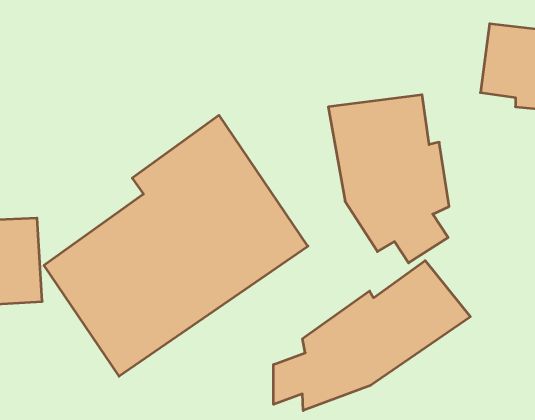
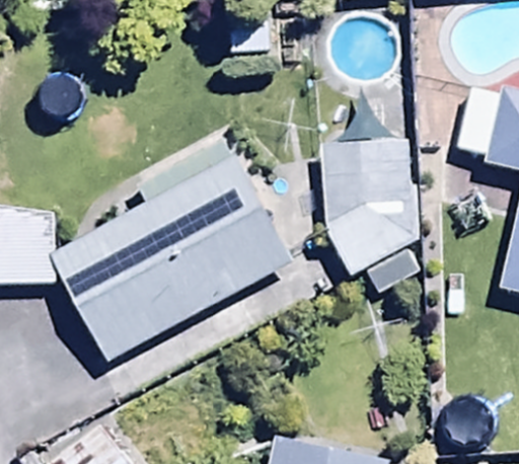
building: [274,261,470,411] -> none

